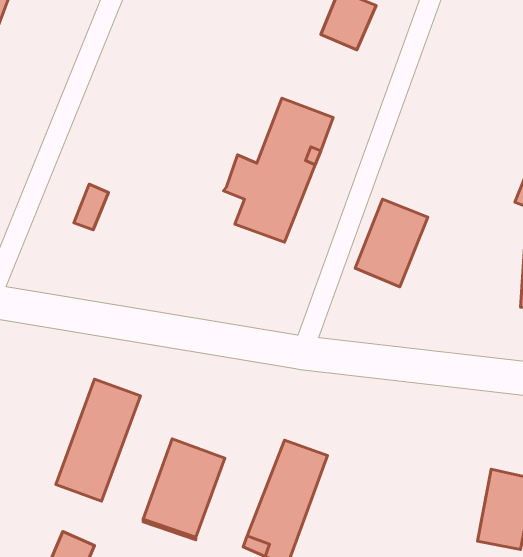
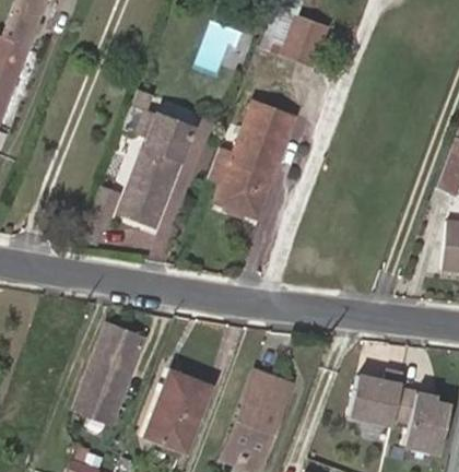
building: none -> [116,108,189,224]
building: [355,199,428,287] -> none
building: none -> [353,375,404,428]

